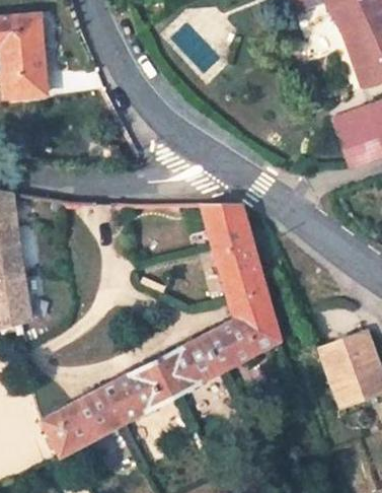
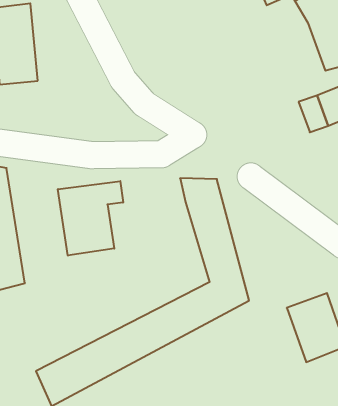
building: none -> [58,181,123,256]

